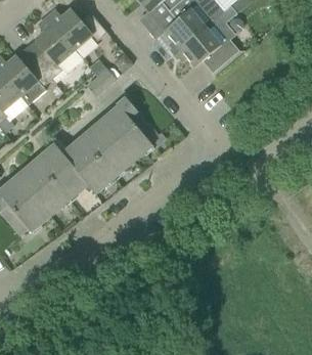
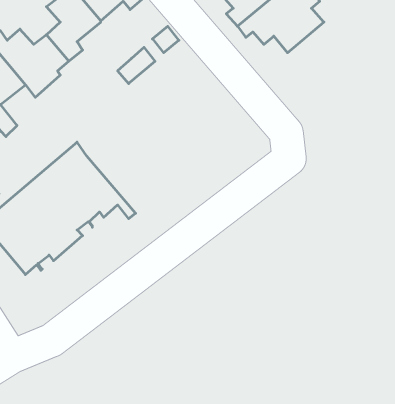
building: [64,97,158,190] -> none

